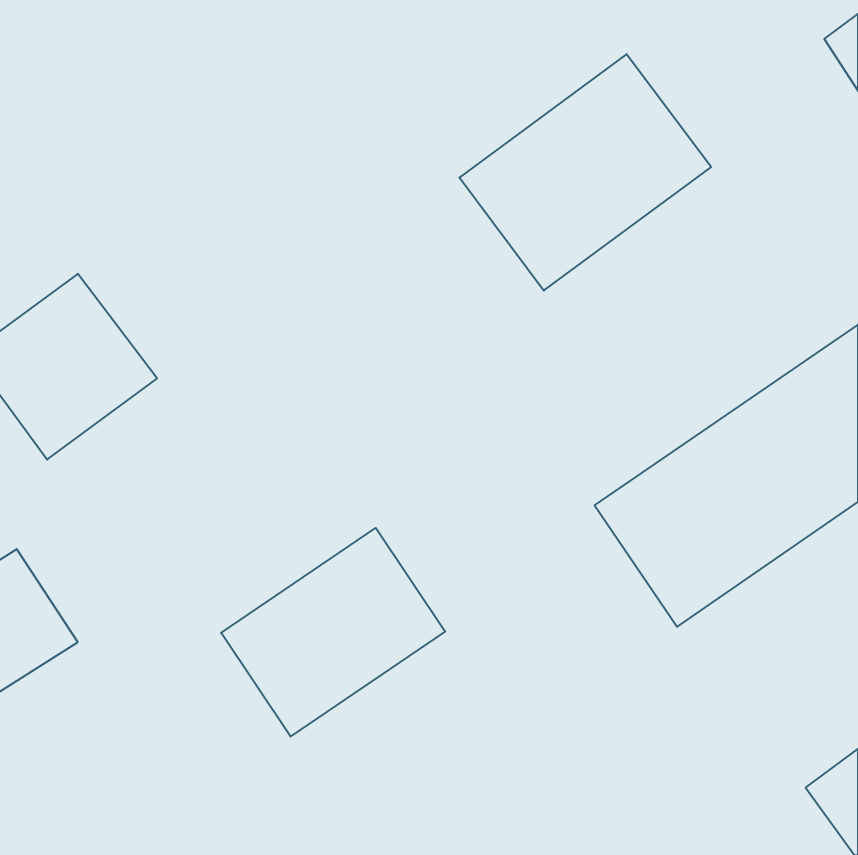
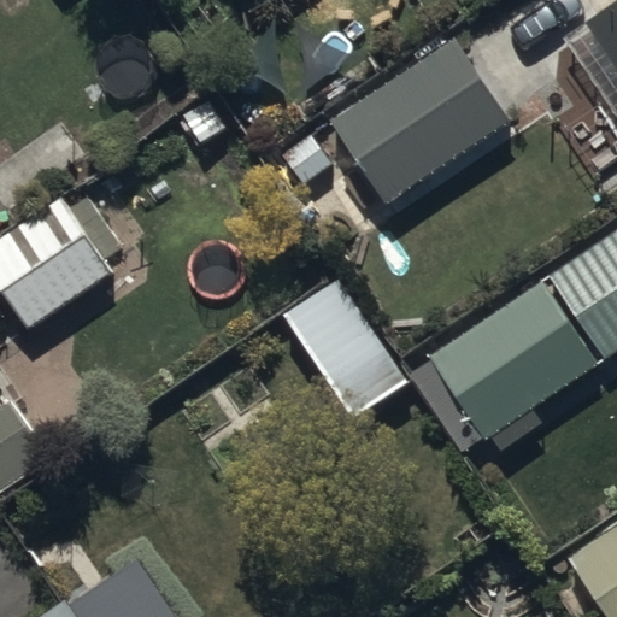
building: none -> [283,276,410,418]
building: [221,528,445,737] -> none

